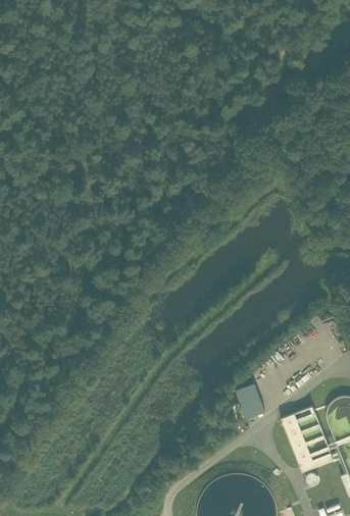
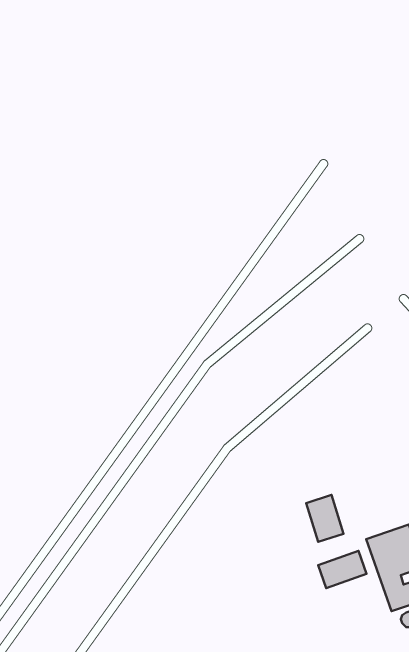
building: none -> [318,551,367,588]

